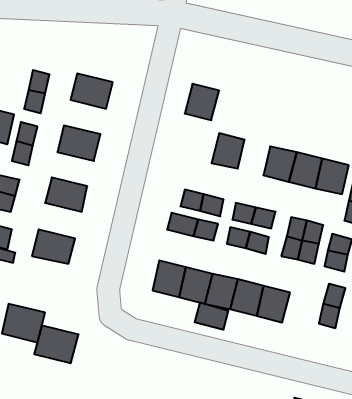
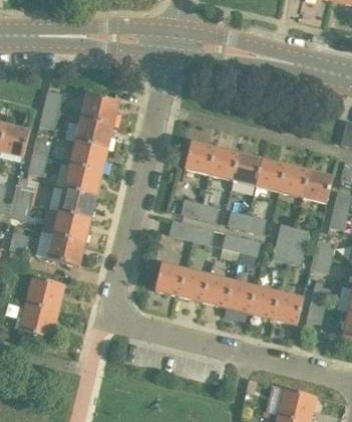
building: [185,84,219,120] -> [184,141,215,174]
building: none -> [74,117,112,148]
building: none -> [232,153,261,185]
building: none -> [63,164,101,195]
building: none -> [51,210,90,242]
building: none -> [272,291,303,325]
building: [195,302,228,330] -> none
building: [34,326,79,363] -> [24,275,64,309]

